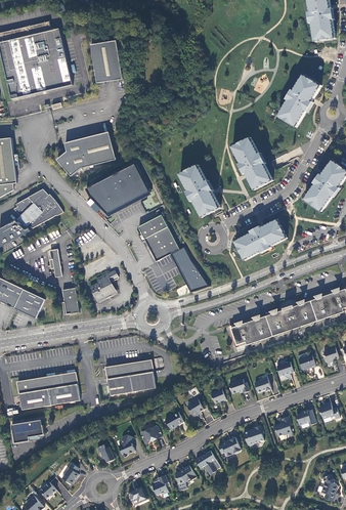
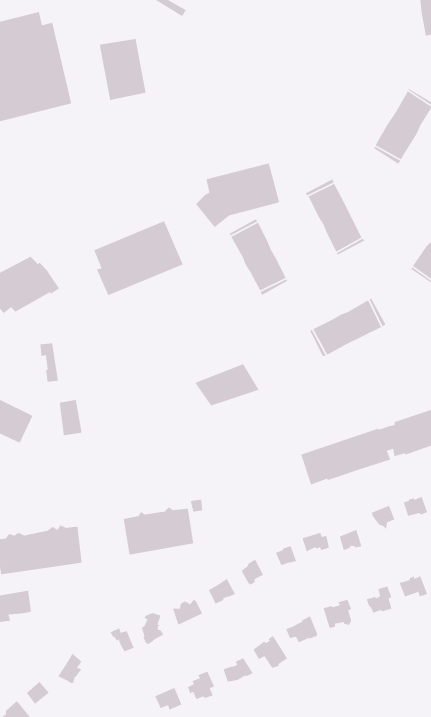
building: [56,131,115,176] -> [195,162,280,228]
building: [138,209,179,261] -> none
building: [89,269,117,300] -> none

